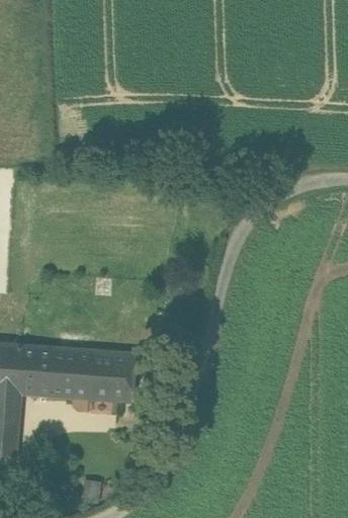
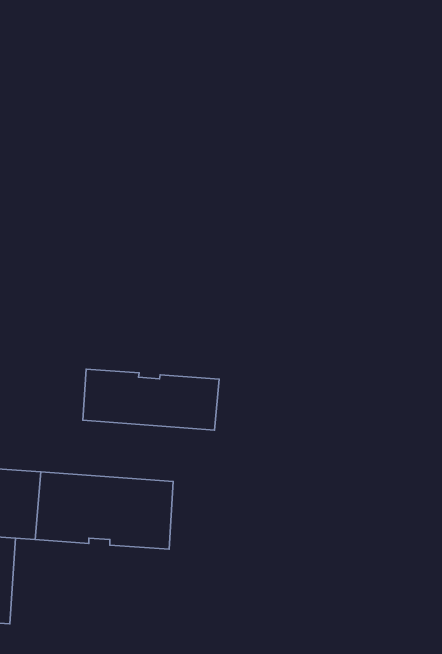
building: none -> [83,369,219,430]

